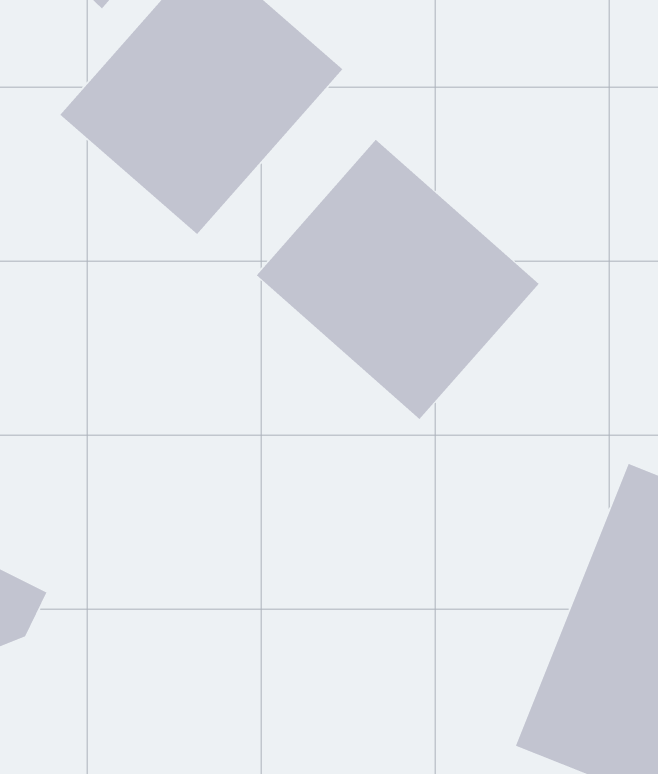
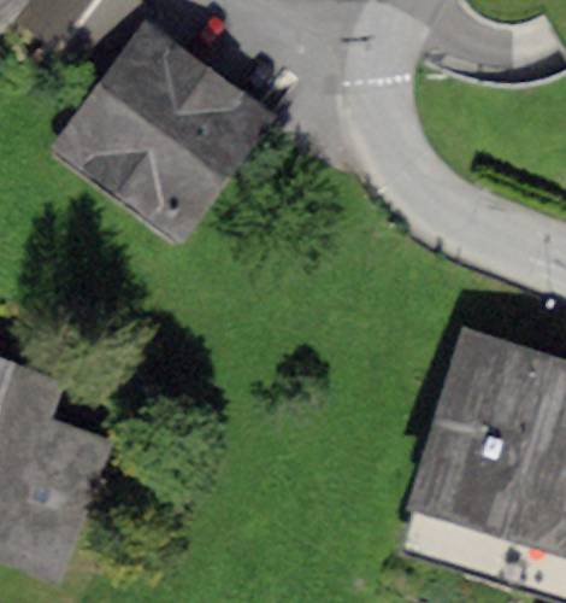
building: [256,139,539,420] -> none

